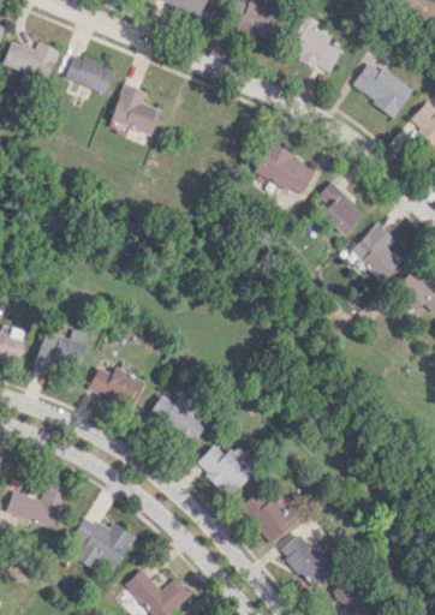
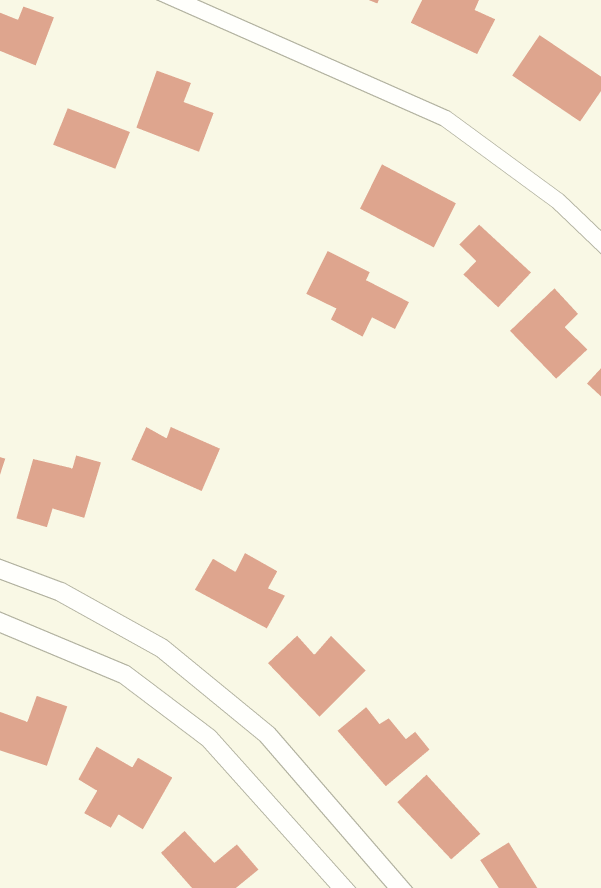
building: [64,54,114,94] -> [52,107,131,169]
building: none -> [306,250,410,337]
building: [88,366,145,408] -> [131,426,221,492]

